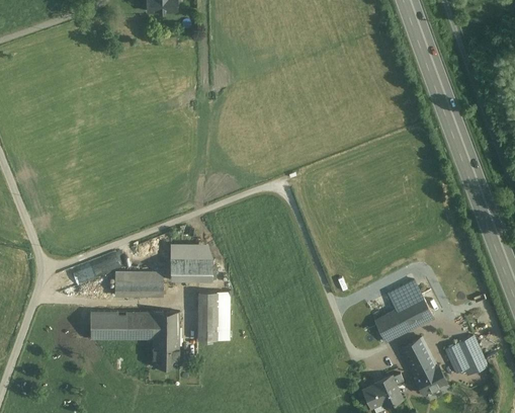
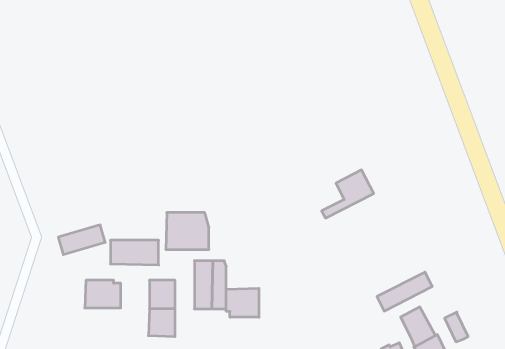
building: [373,279,425,327] -> [322,170,374,218]
building: [124,311,153,339] -> none
building: none -> [226,288,259,317]
building: [456,336,487,375] -> none

